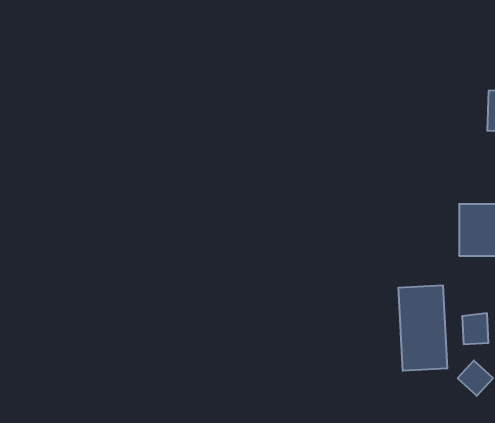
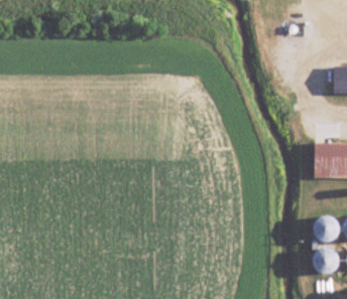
building: [398,285,447,371] -> none

